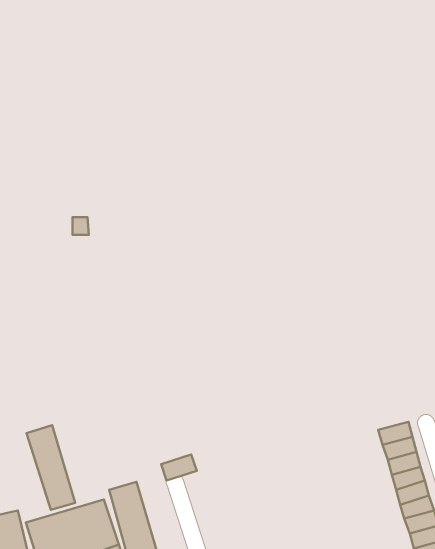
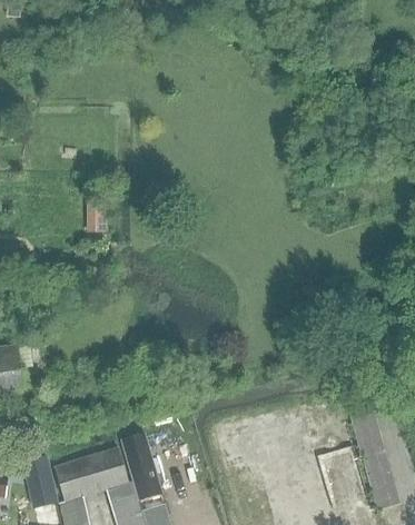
building: [27,425,75,510] -> none

